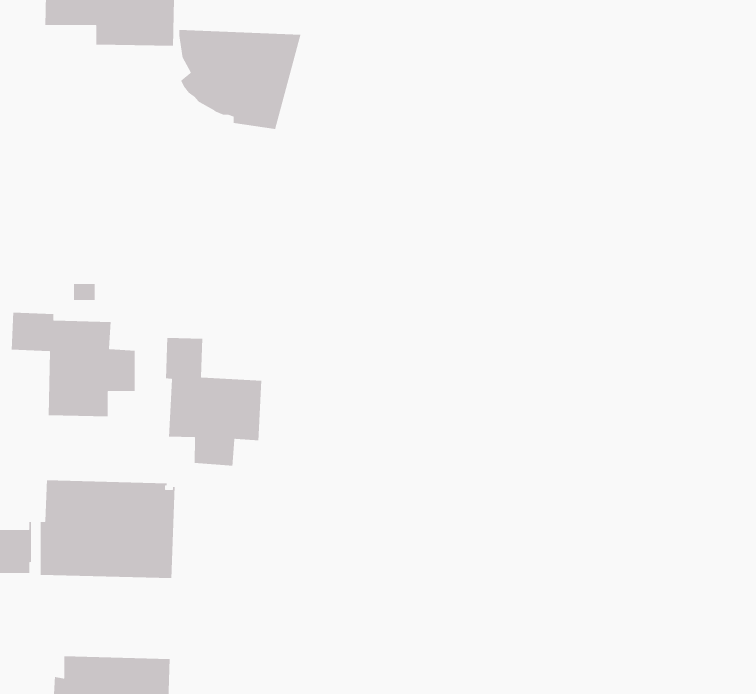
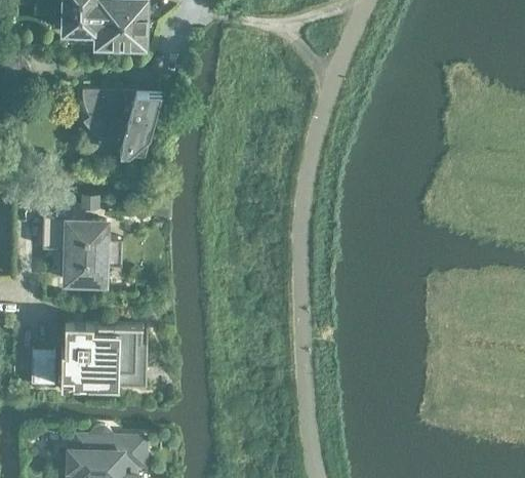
building: [179,29,301,130] -> [82,91,161,156]
building: [165,337,262,467] -> none

